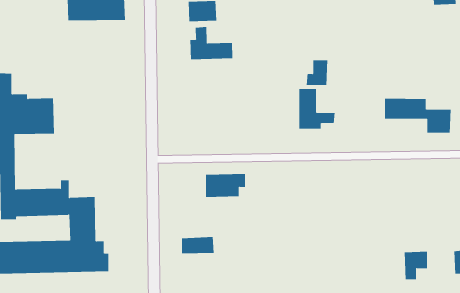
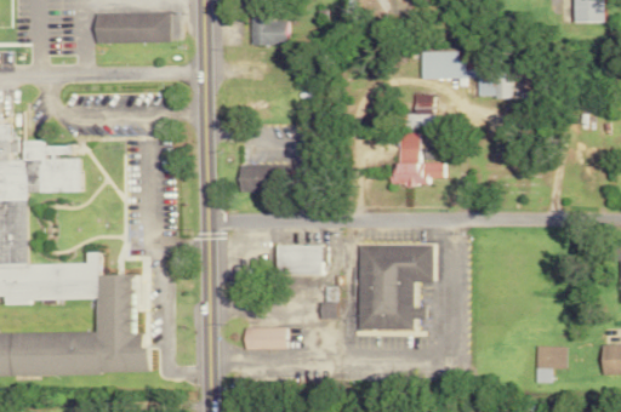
building: [190,26,233,60] -> none
building: [384,98,452,133] -> [422,51,511,97]
building: none -> [238,164,274,191]
building: none -> [357,245,433,328]

